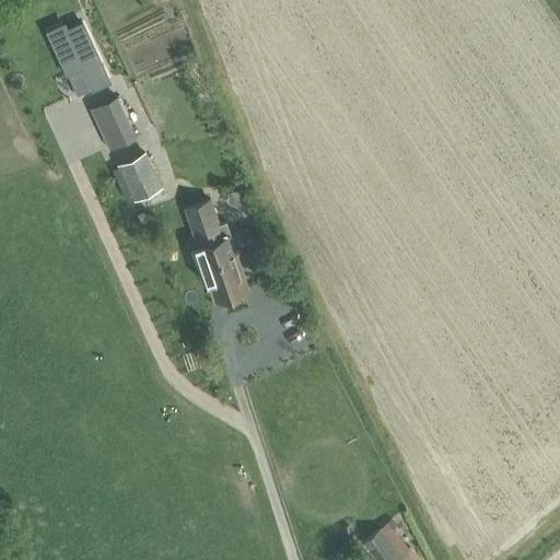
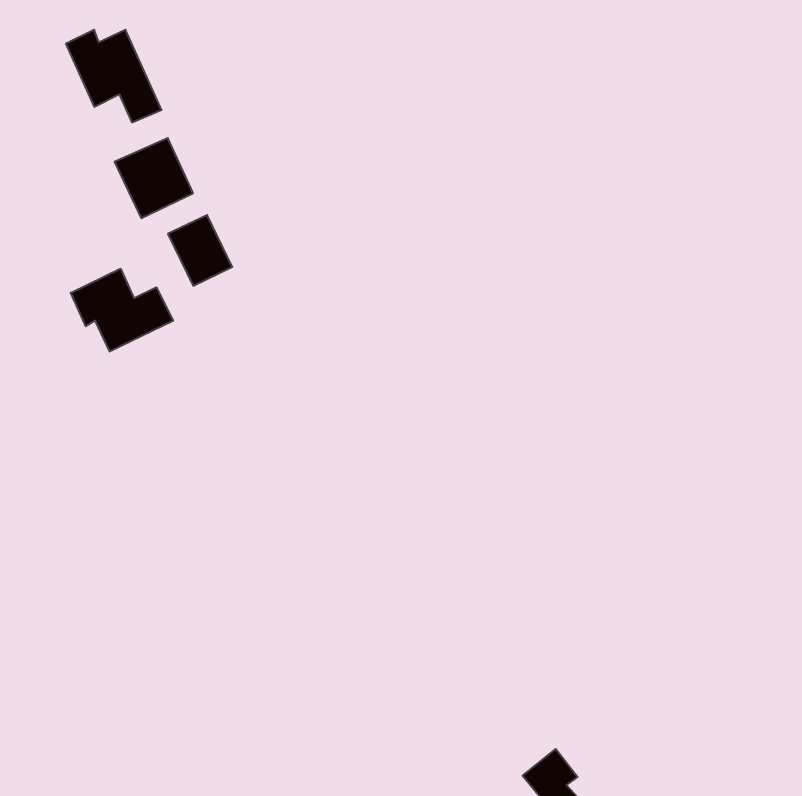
building: none -> [71,269,173,352]
building: [186,203,246,302] -> none

